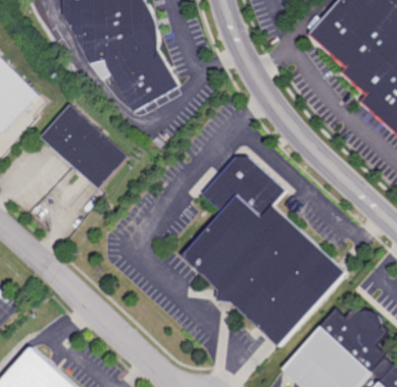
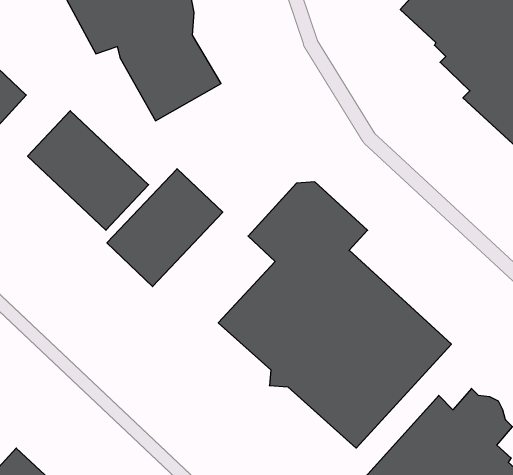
building: none -> [107,169,223,287]

